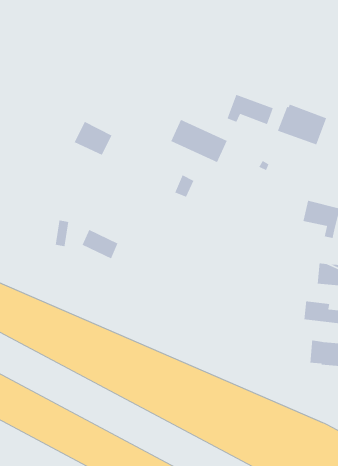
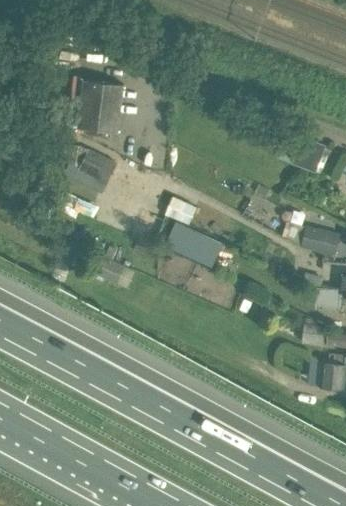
building: none -> [77,81,122,133]
building: [226,94,274,125] -> none
building: [170,119,228,163] -> [165,224,221,267]

